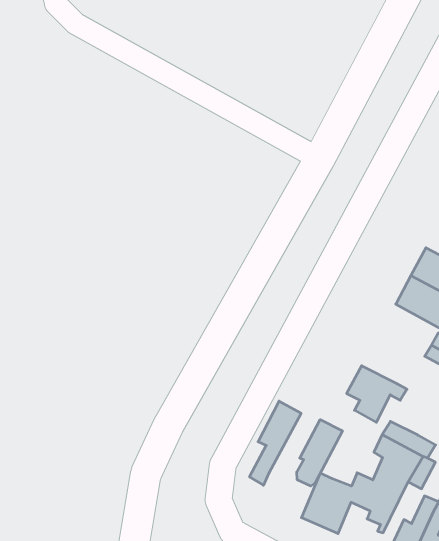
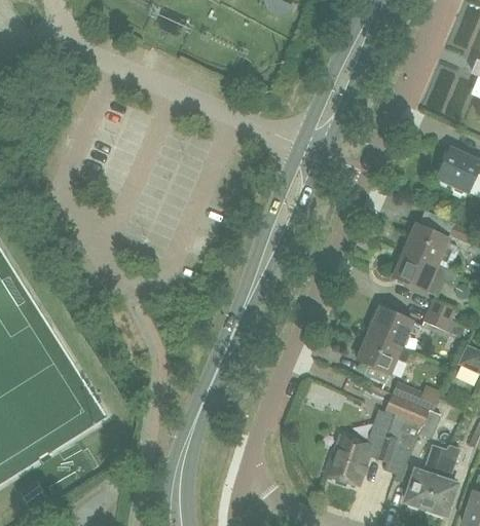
building: none -> [367,306,411,347]
building: [250,401,301,485] -> none
building: [297,420,342,486] -> none

